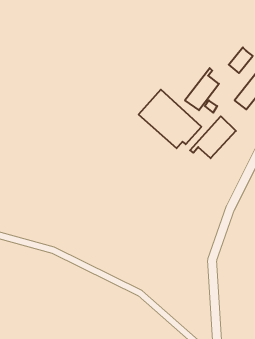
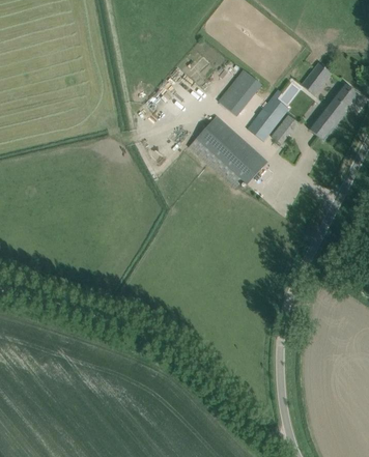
building: none -> [220,70,262,116]
building: [190,116,236,158] -> none

